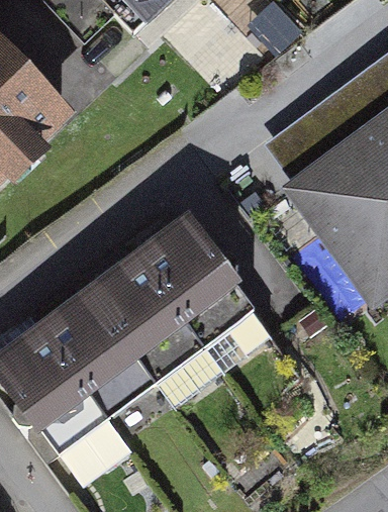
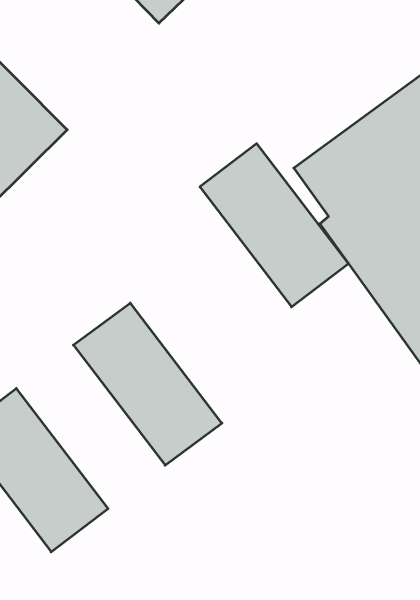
building: [128,218,250,351] -> [200,144,348,307]
building: [35,288,157,421] -> none

